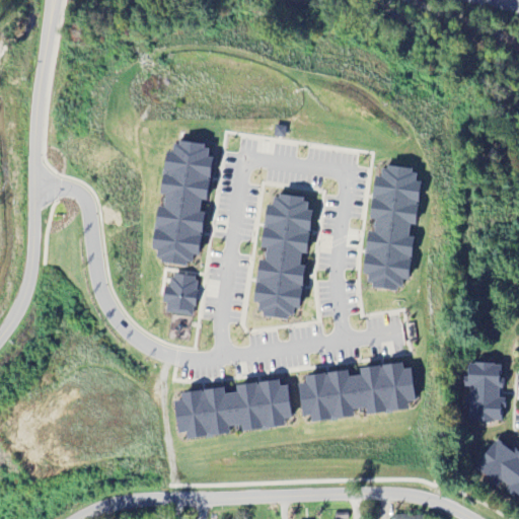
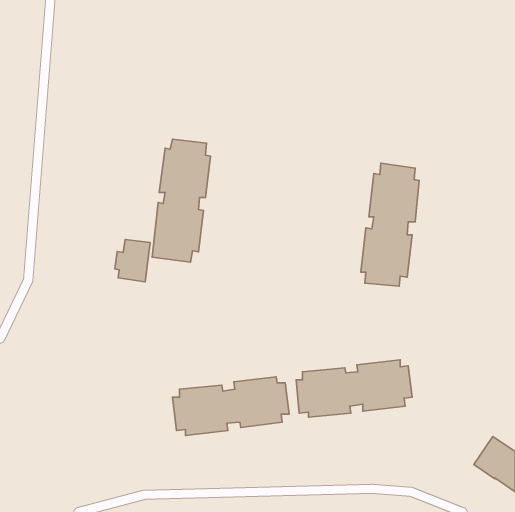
building: [253,194,312,317] -> none
building: [162,273,198,315] -> [115,239,150,282]
building: [465,361,504,421] -> none

